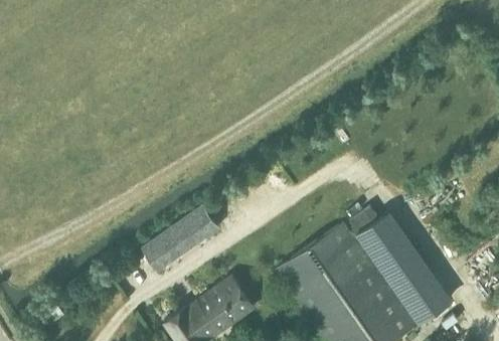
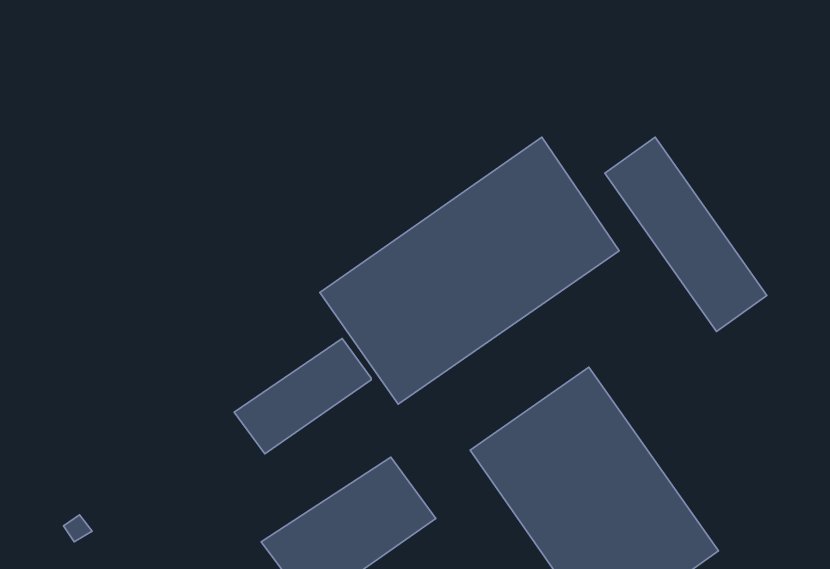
building: none -> [320,137,619,404]
building: [358,212,449,321] -> [605,137,767,332]

